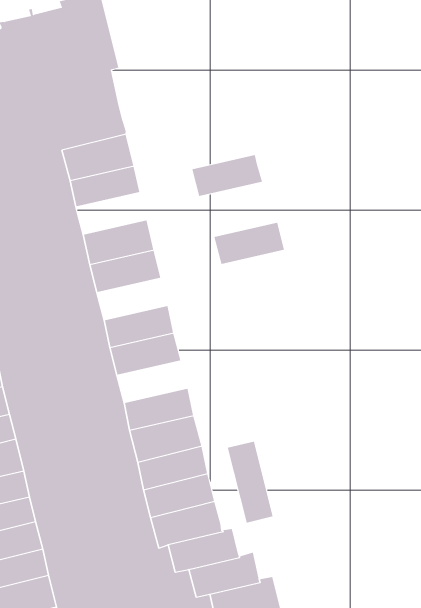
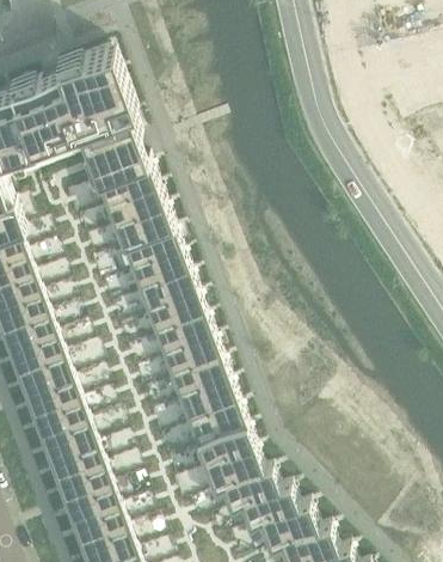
building: [191,154,263,197] -> [105,198,164,238]
building: [214,222,285,265] -> [130,265,189,305]
building: none -> [154,330,213,369]
building: [227,441,273,523] -> none

